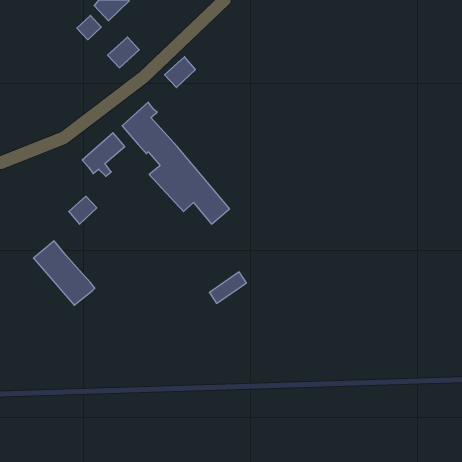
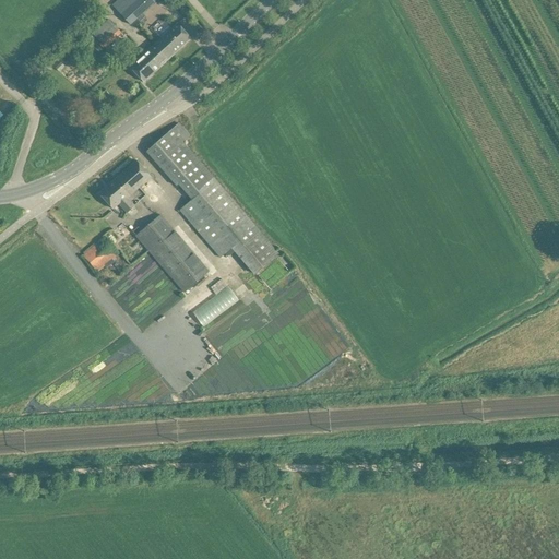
building: [165,57,195,88] -> [154,23,191,60]
building: [33,241,95,305] -> [135,215,210,293]
building: [209,272,246,303] -> [195,286,240,324]

